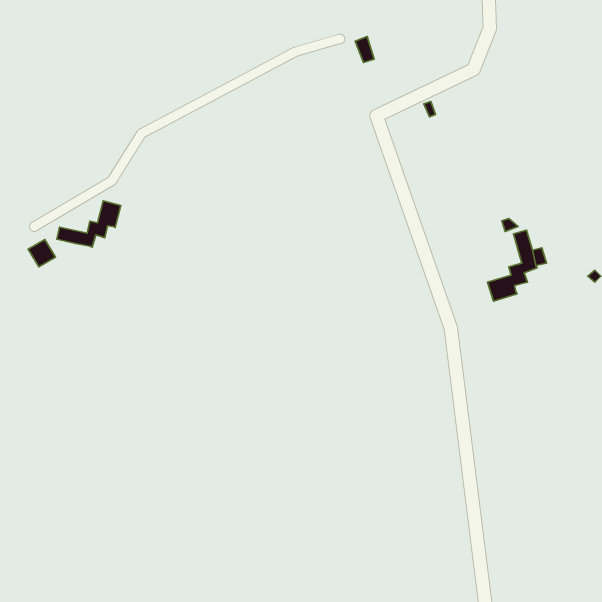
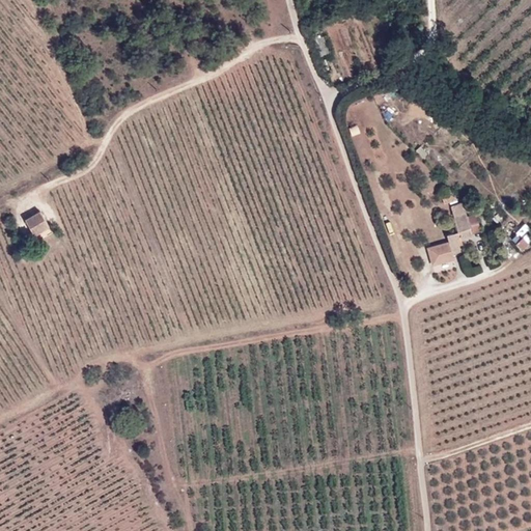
building: [57,201,121,247] -> none

